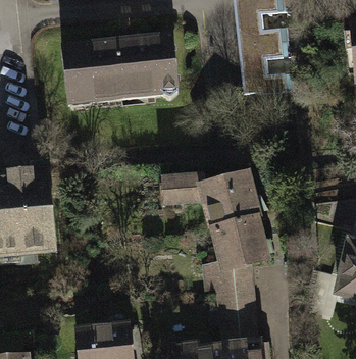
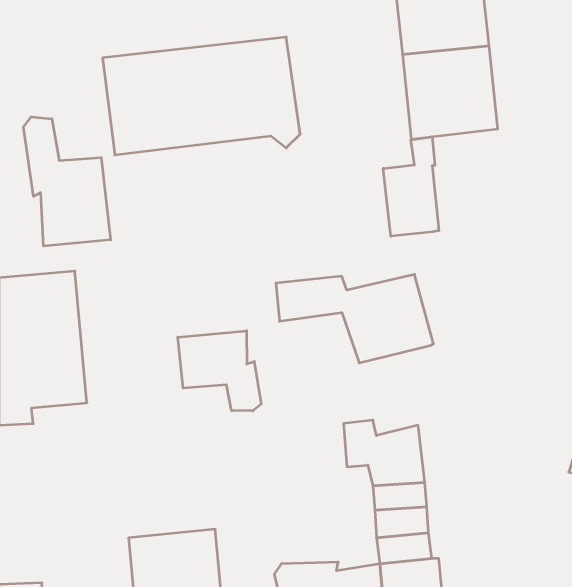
building: none -> [23,117,111,246]
building: none -> [383,137,439,236]
building: none -> [178,331,261,411]
building: [213,215,266,268] -> none

